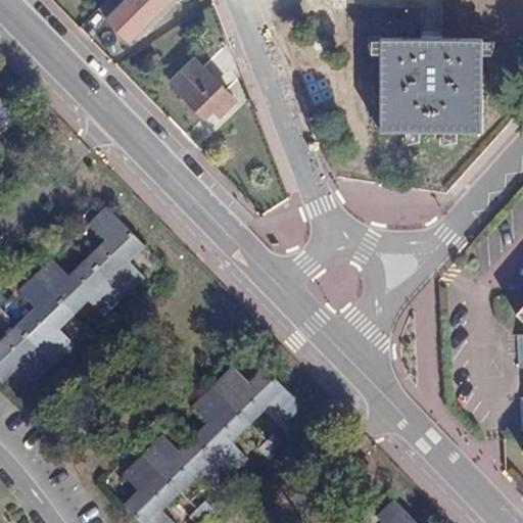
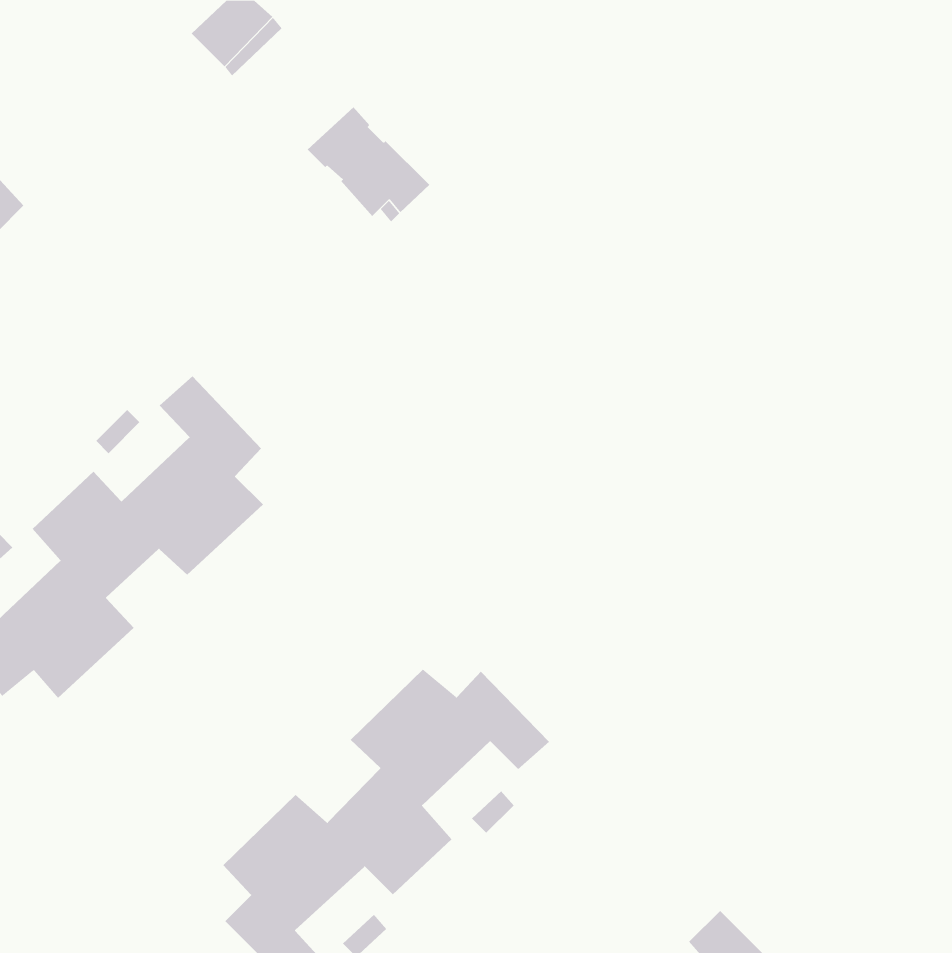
building: [380,39,480,133] -> none

